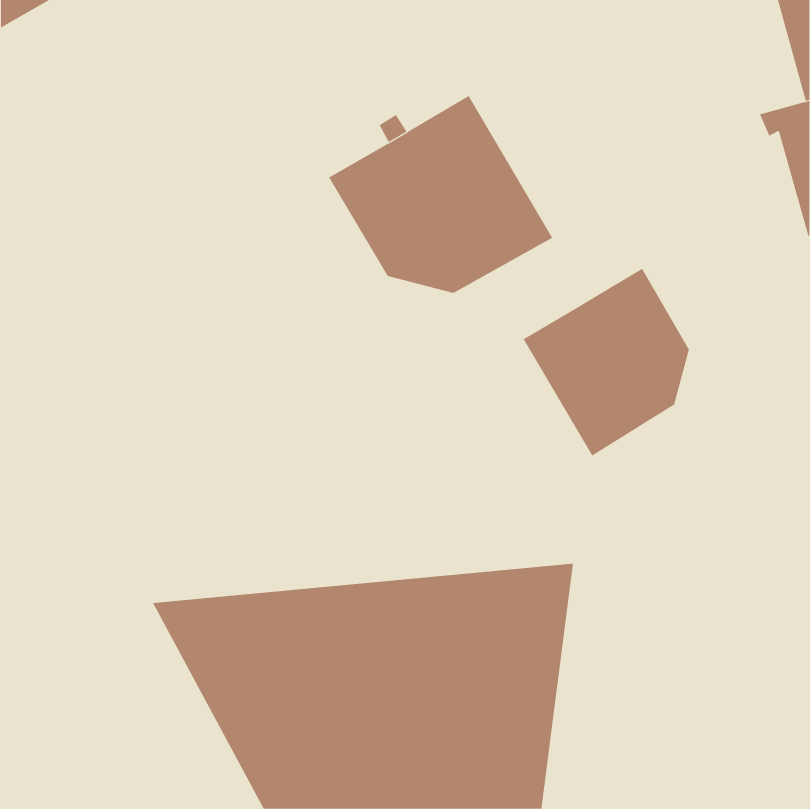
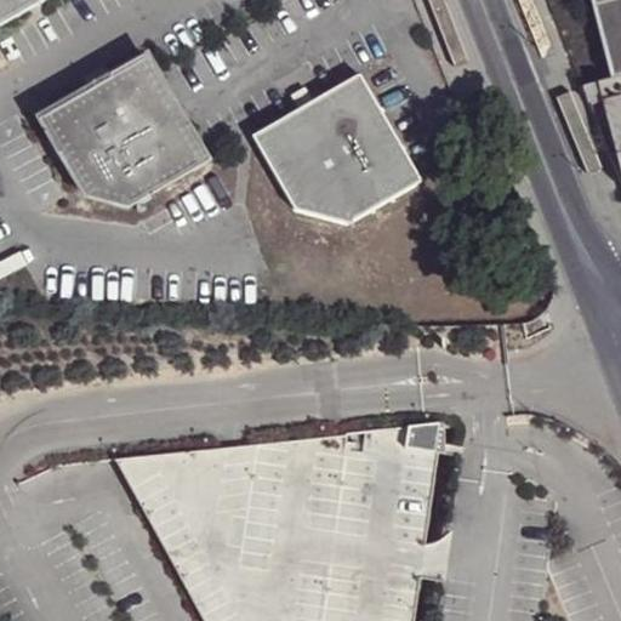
building: none -> [40,51,211,204]
building: [523,268,690,456] -> none

